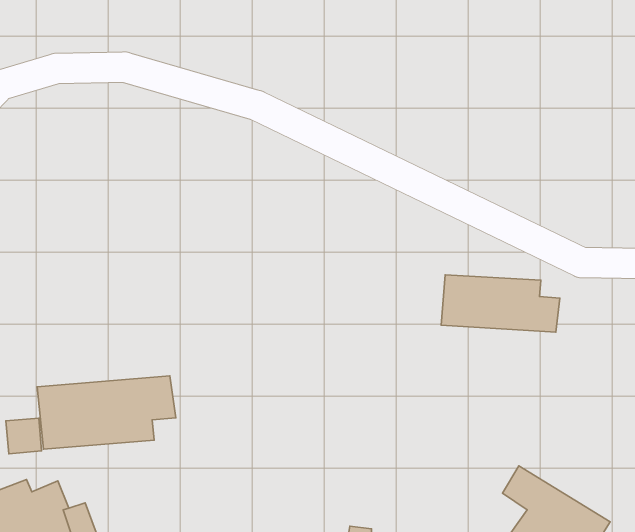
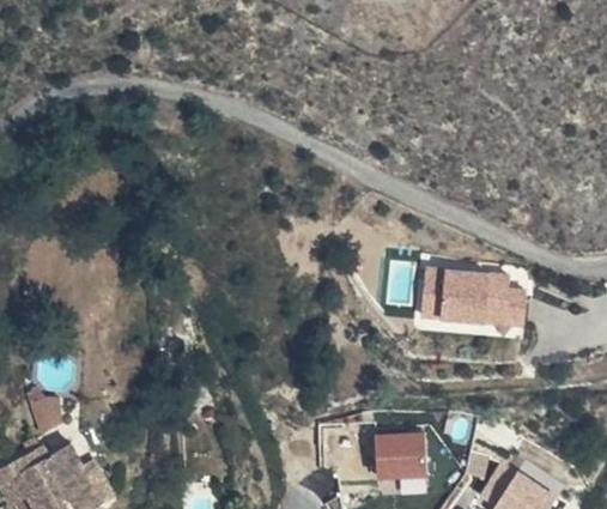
building: [37,376,176,449] -> none
building: none -> [375,428,431,489]

